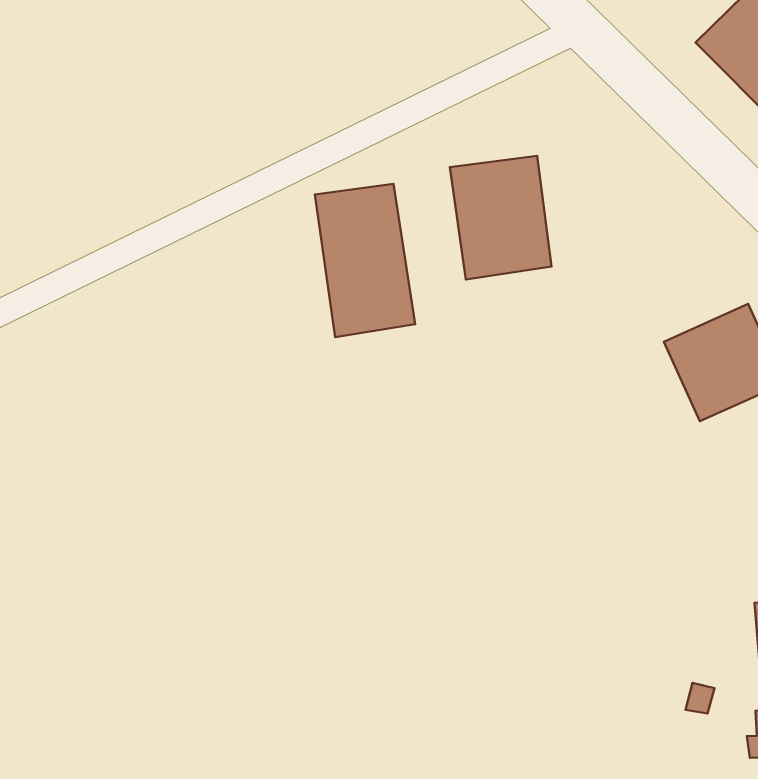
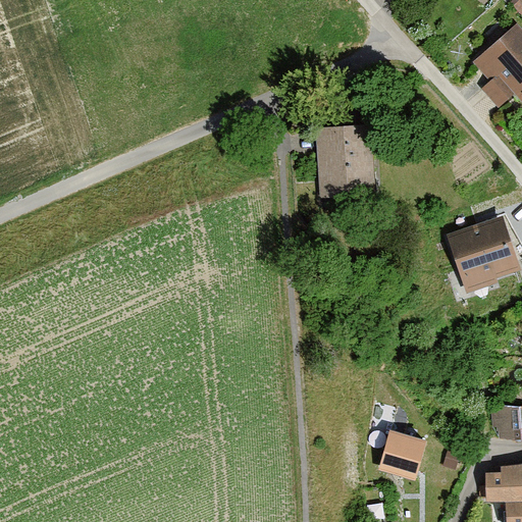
building: [315,184,415,337] -> none
building: none -> [380,430,427,479]

